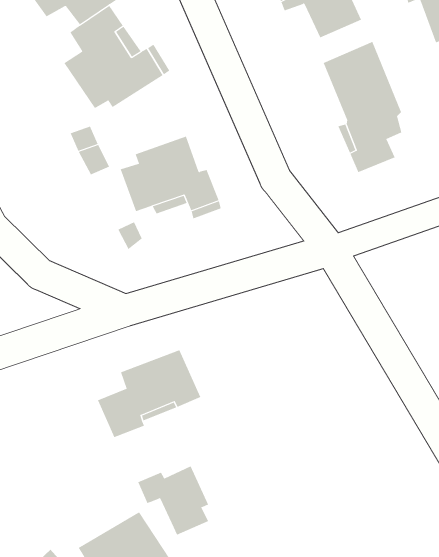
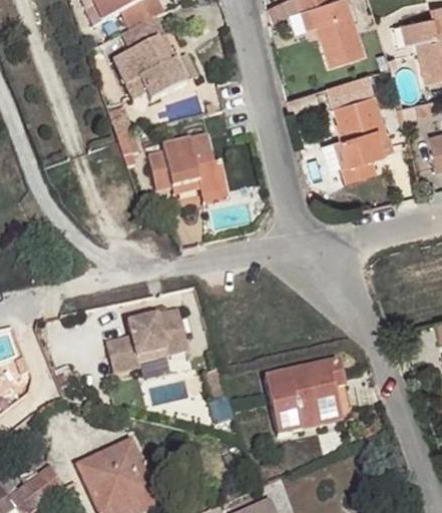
building: none -> [264,361,343,436]
building: [138,466,209,535] -> none

